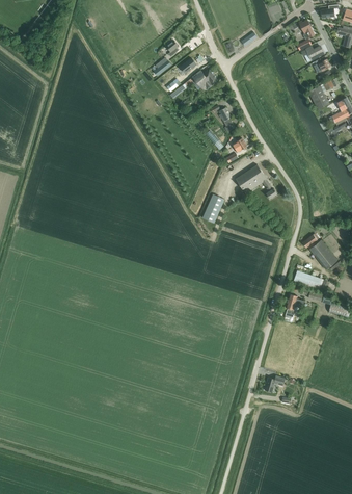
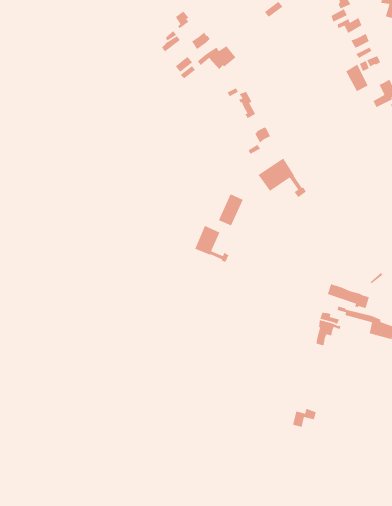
building: none -> [194,225,230,263]
building: [303,232,337,268] -> none

